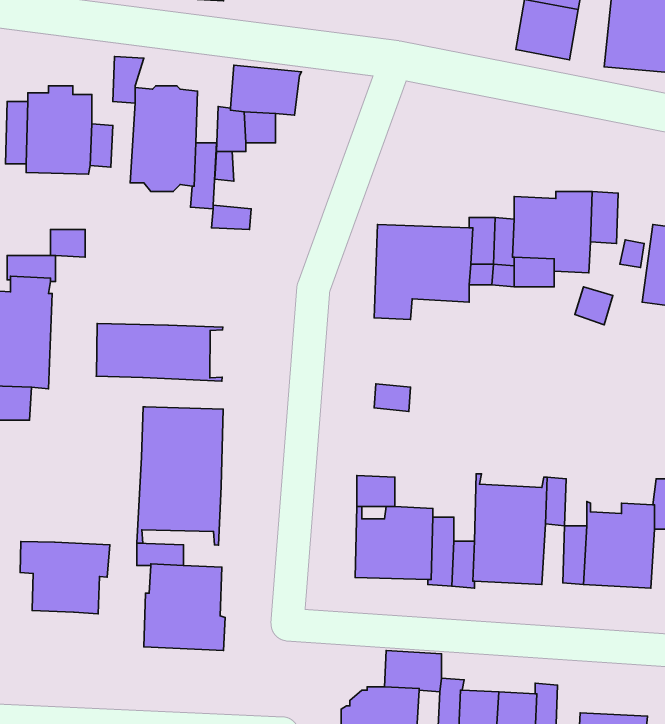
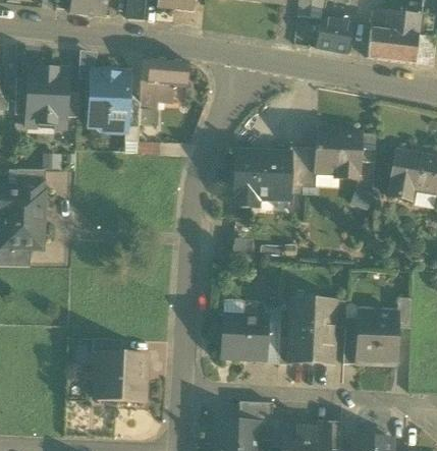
building: [96,324,223,381] -> none
building: [137,407,223,545] -> none
building: [20,541,110,614] -> none

